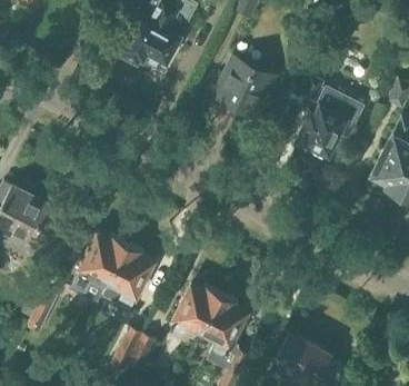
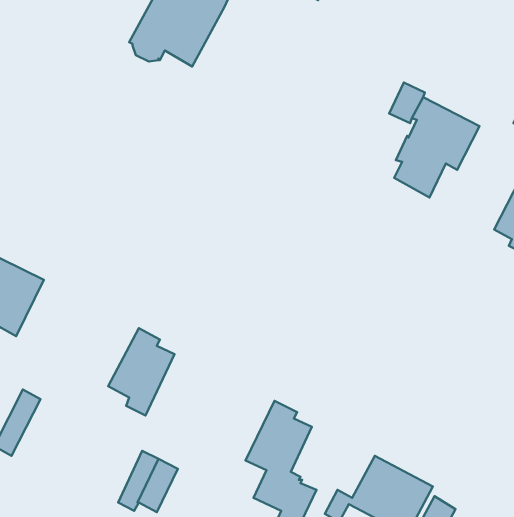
building: [215,56,276,117] -> none
building: [69,235,128,301] -> none
building: [170,285,221,335] -> none

